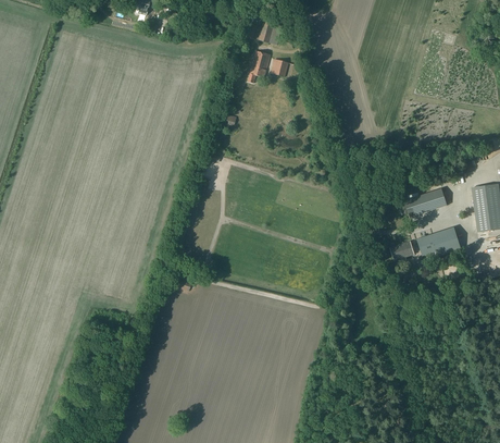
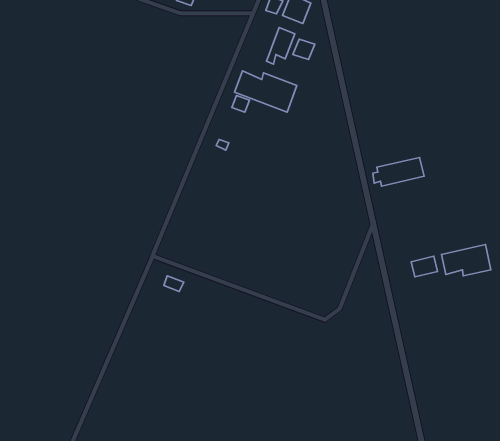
building: none -> [234,71,297,112]
building: [401,188,447,217] -> [373,157,424,186]

